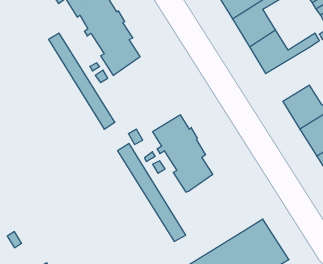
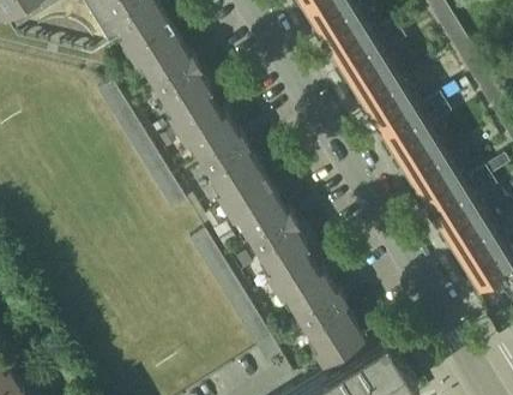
building: none -> [387,103,451,175]
building: none -> [187,113,273,219]
building: none -> [284,270,363,364]

